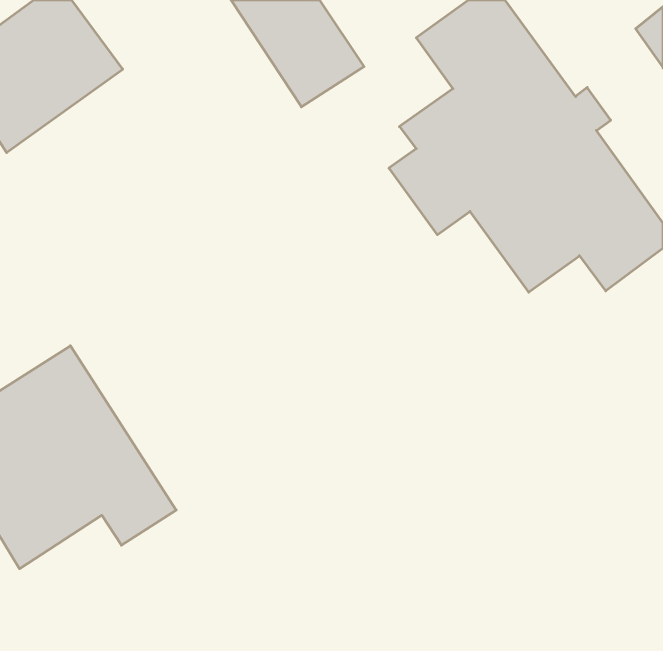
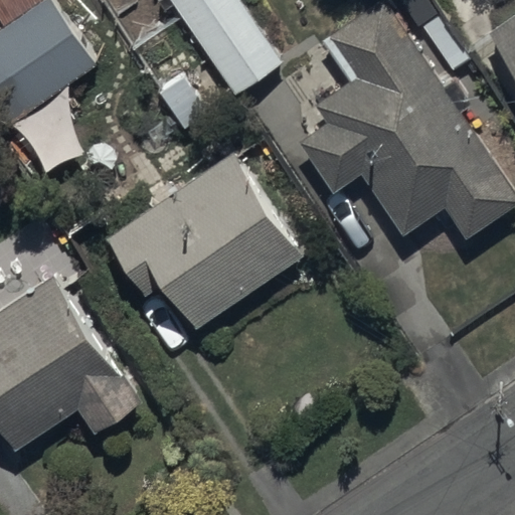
building: none -> [108,154,302,329]

